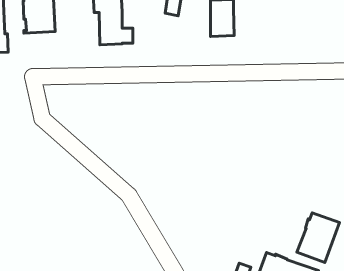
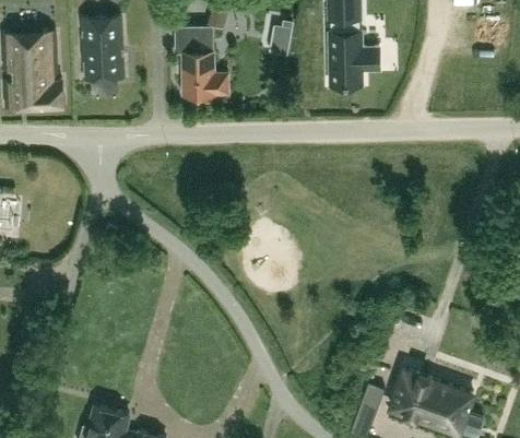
building: [297,213,339,263] -> none

